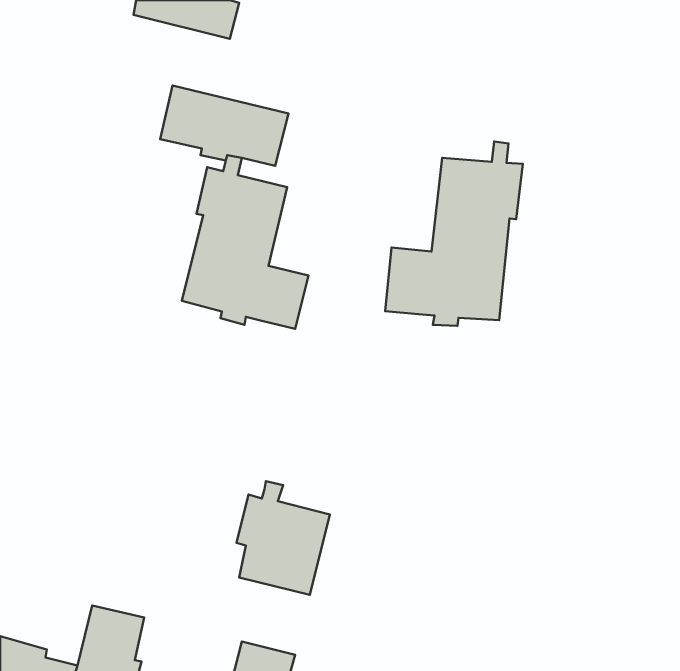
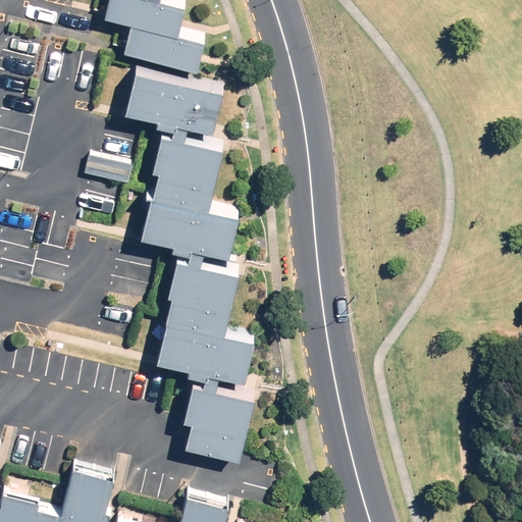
building: none -> [124,28,204,74]
building: [385,141,523,326] -> none
building: none -> [156,251,253,385]

